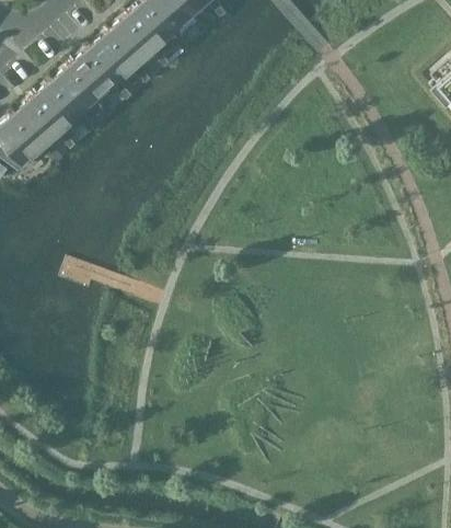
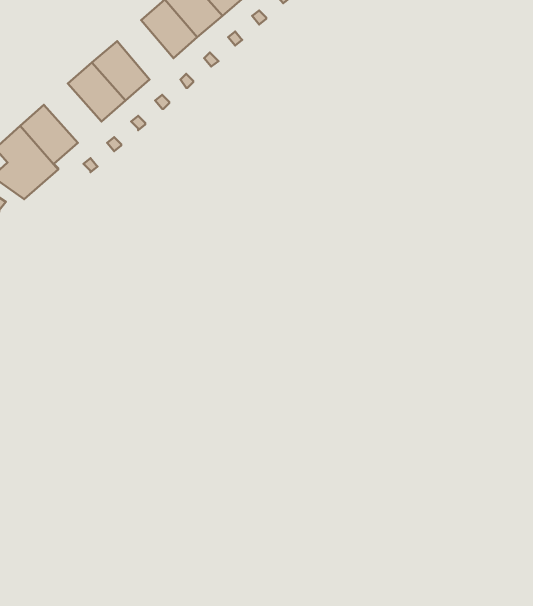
building: [92,33,136,79] -> none
building: [35,82,80,128] -> none

